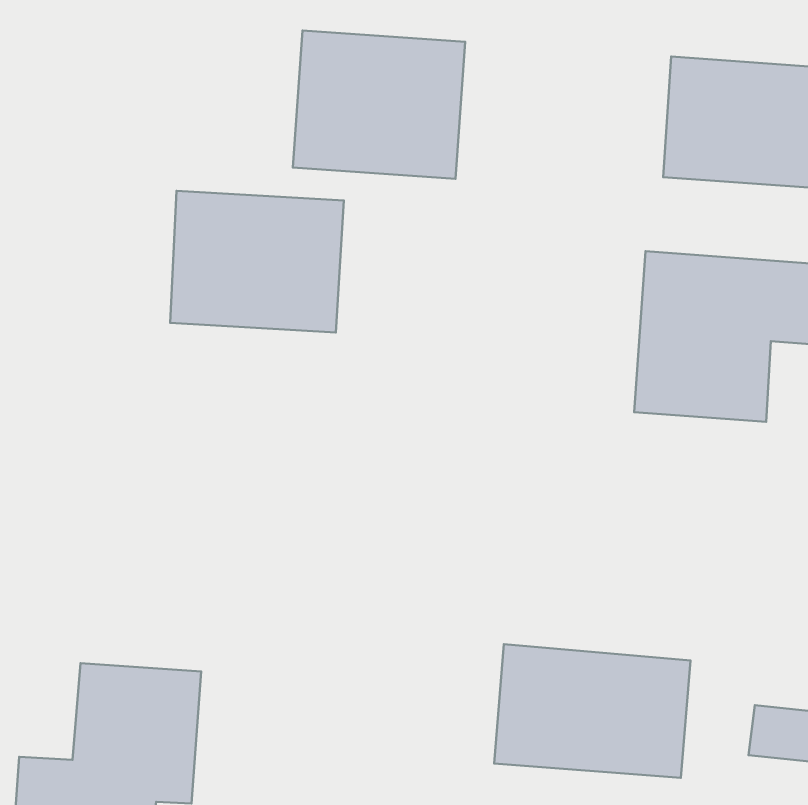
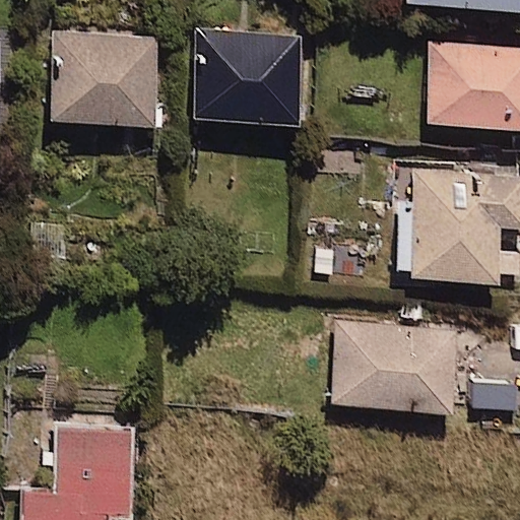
building: [170,191,344,333] -> [48,35,157,124]
building: [494,644,691,778] -> [332,327,456,411]

